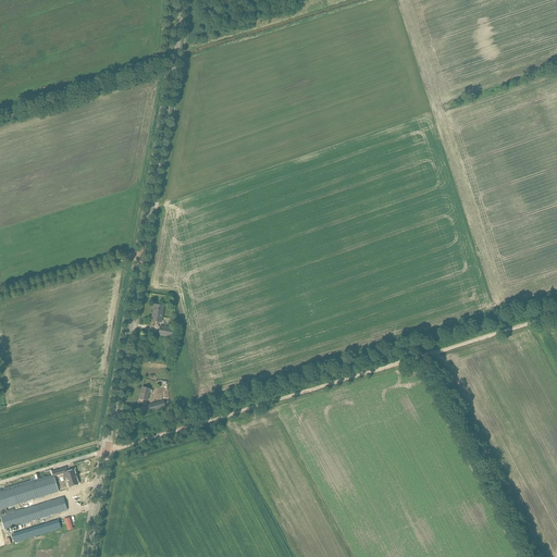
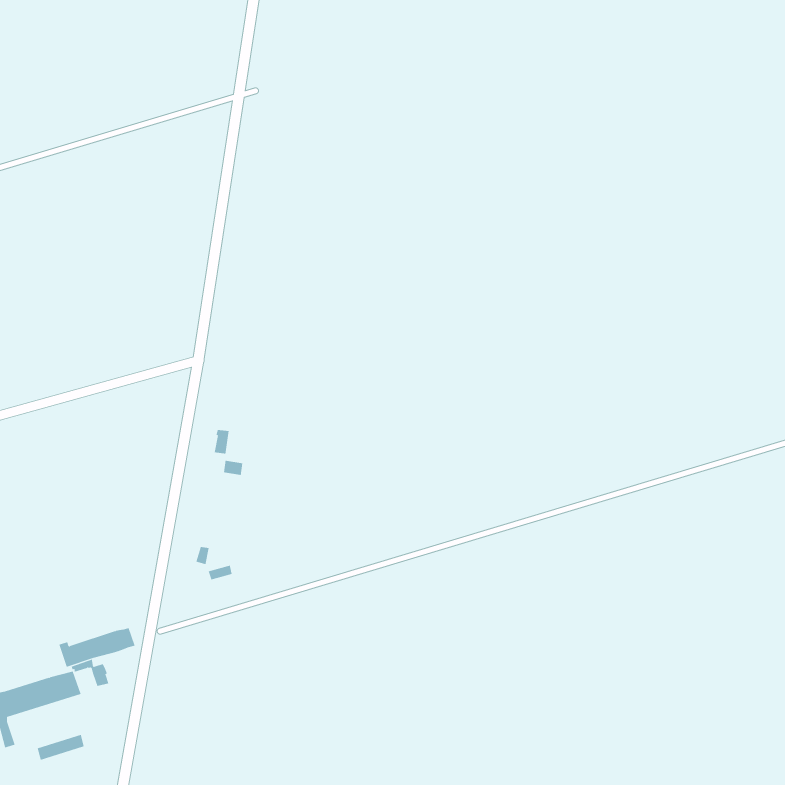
building: [5,498,60,527] -> [58,628,135,668]

